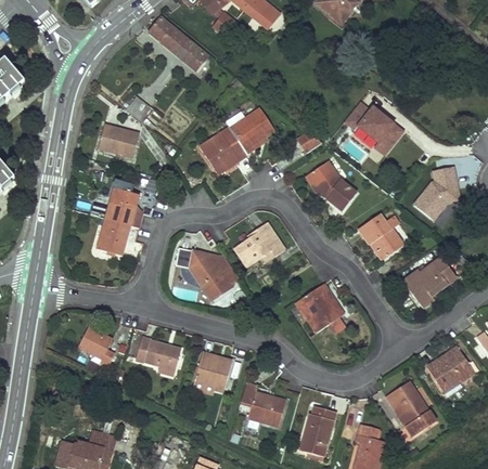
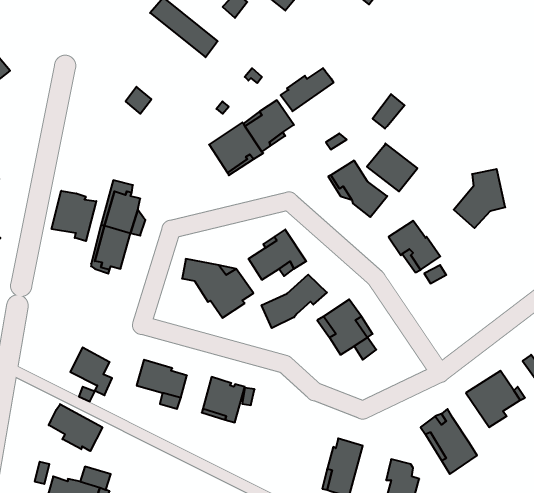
building: none -> [281,68,333,111]
building: [357,109,401,152] -> [367,143,417,191]
building: [98,123,139,156] -> none
building: none -> [52,191,96,241]
building: [402,256,457,308] -> none
building: none -> [262,275,327,328]
building: none -> [49,404,102,451]
building: [247,393,285,426] -> none

